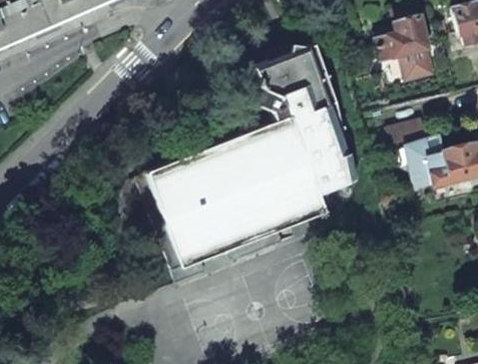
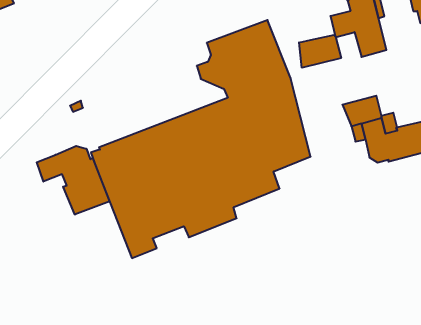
building: none -> [299,35,341,68]
building: none -> [37,146,109,215]

